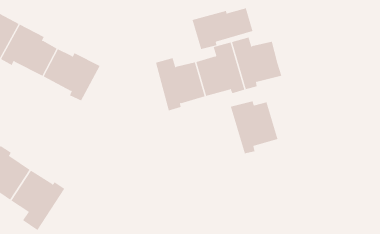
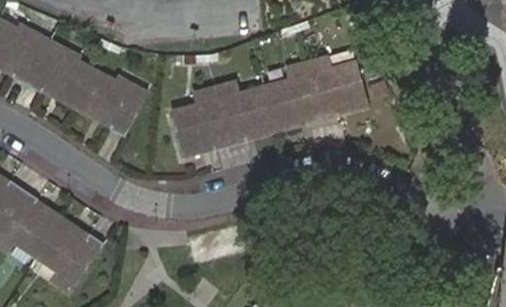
building: [192,8,253,50] -> none
building: none -> [170,86,230,152]
building: [230,100,278,154] -> none

